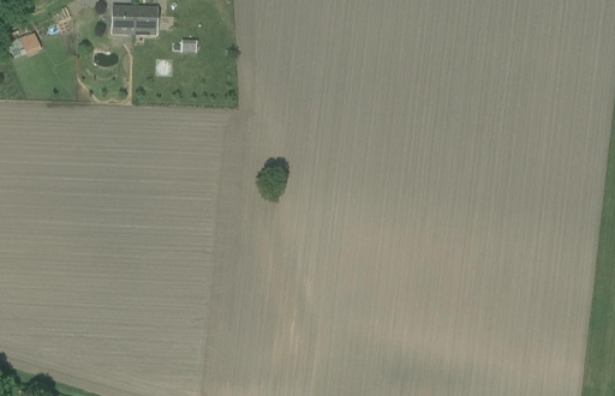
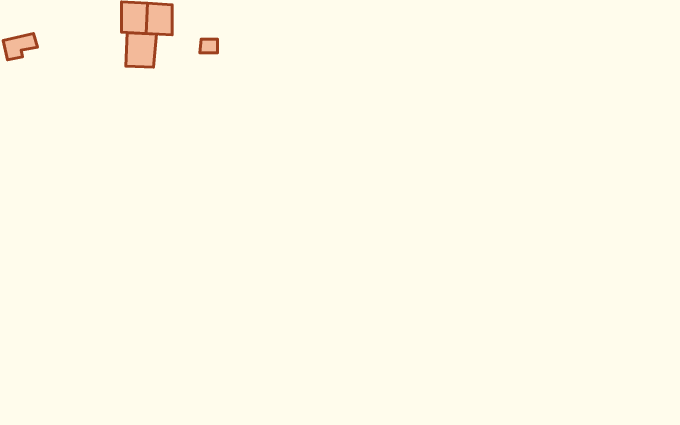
building: none -> [126,33,157,67]

